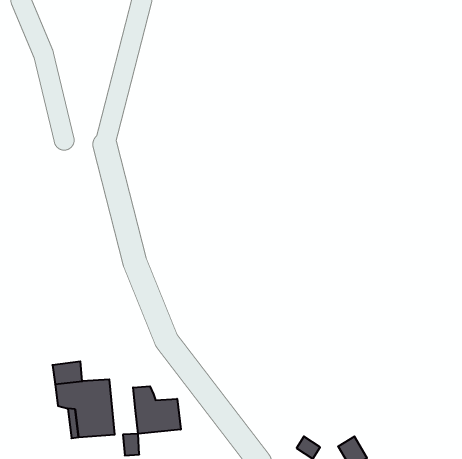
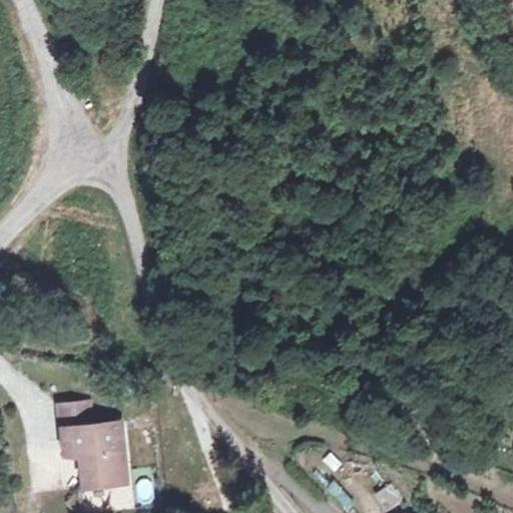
building: [133,386,181,434] -> none

